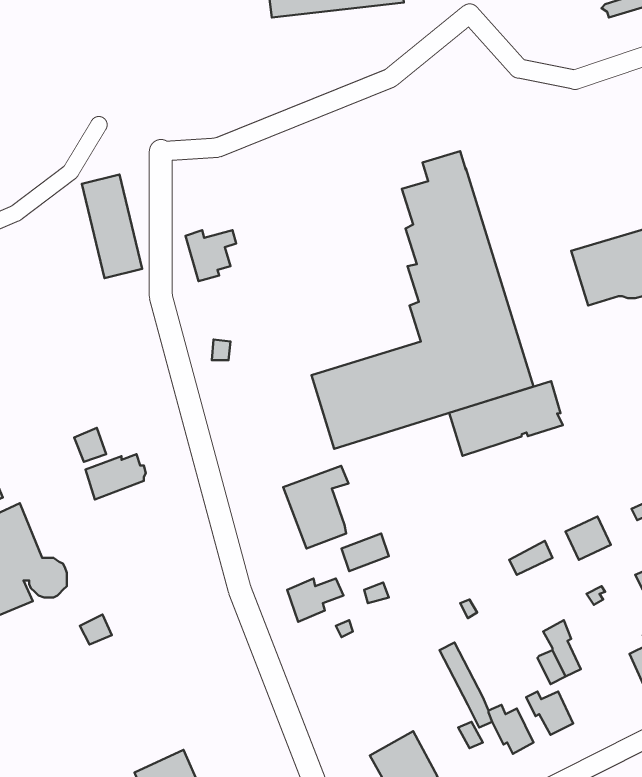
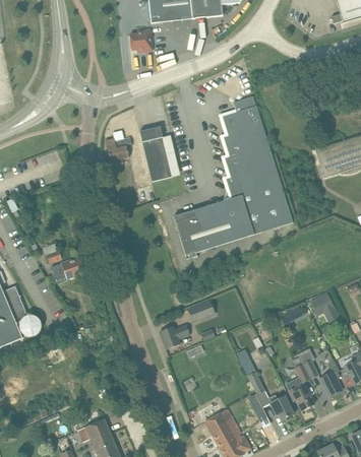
building: none -> [130,27,153,52]
building: [82,175,142,278] -> [139,125,172,181]
building: [449,381,563,456] -> none
building: [283,466,348,548] -> none
building: none -> [320,357,343,395]

